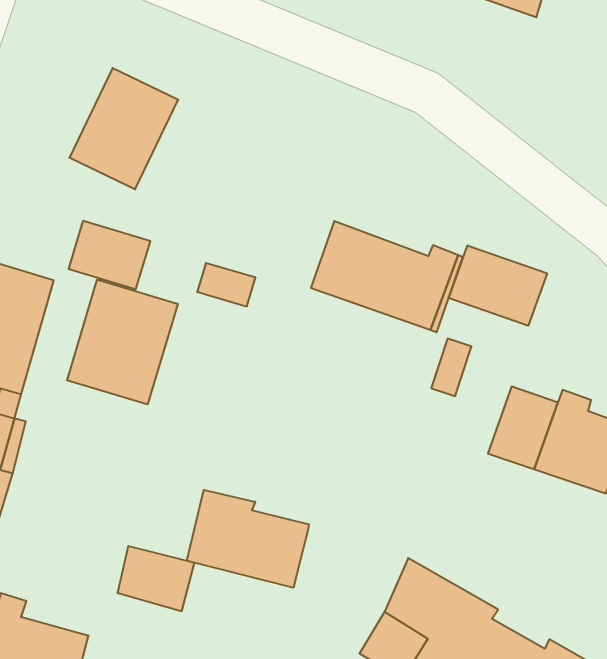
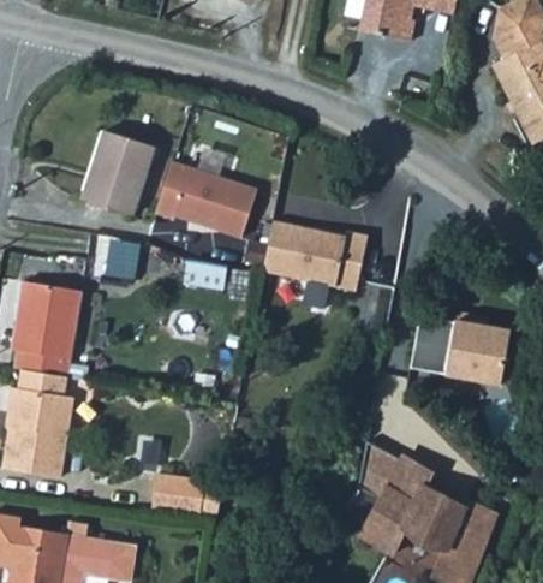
building: none -> [155,160,257,236]
building: [449,245,547,326] -> none
building: [67,280,178,404] -> none
building: [187,490,309,588] -> none

